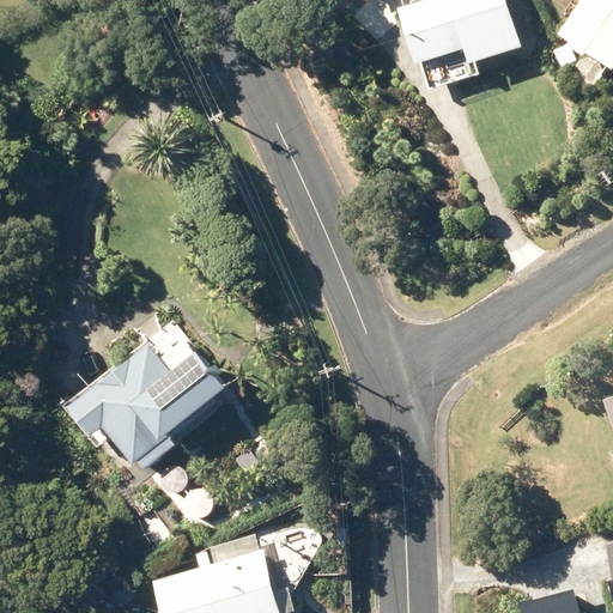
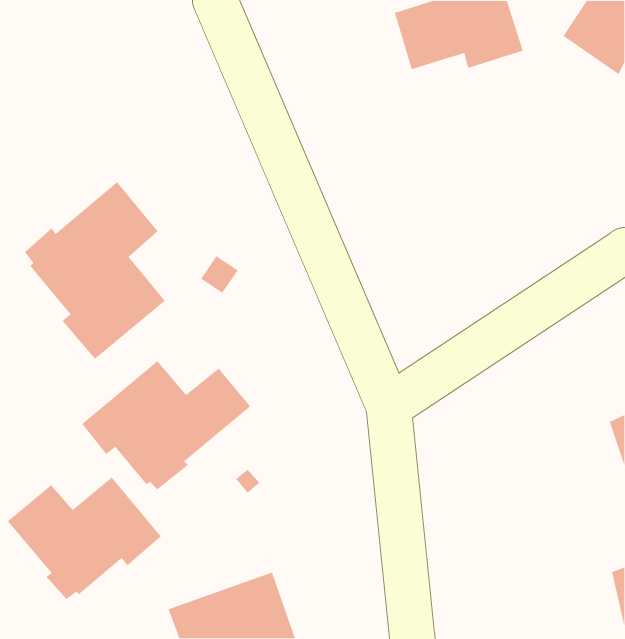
building: none -> [24,181,166,360]
building: none -> [7,477,162,600]

